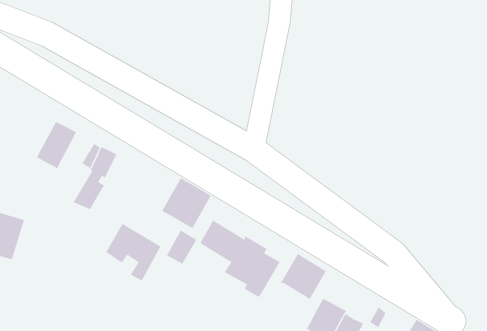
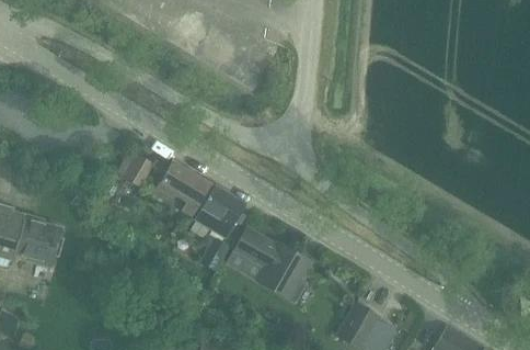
building: [36,121,77,169] -> none
building: [105,223,161,281] -> [155,159,210,216]
building: [280,253,326,300] -> none

